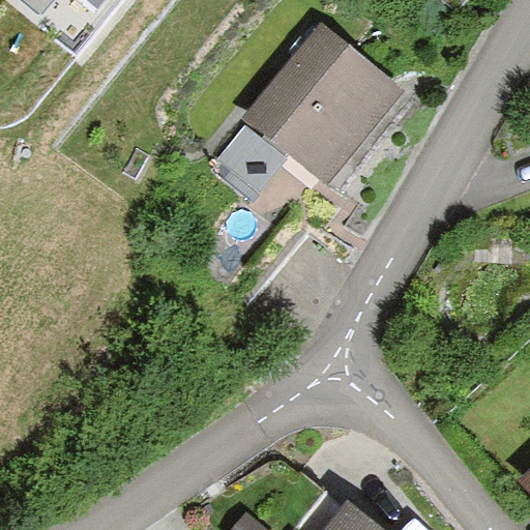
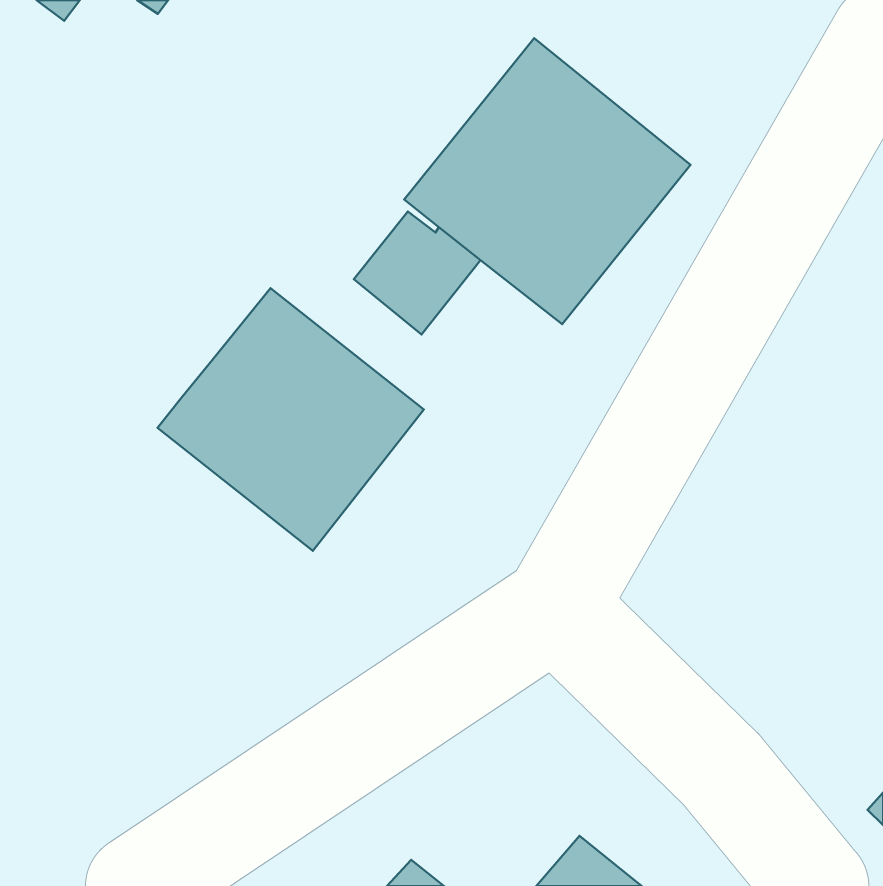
building: none -> [158,288,424,551]

